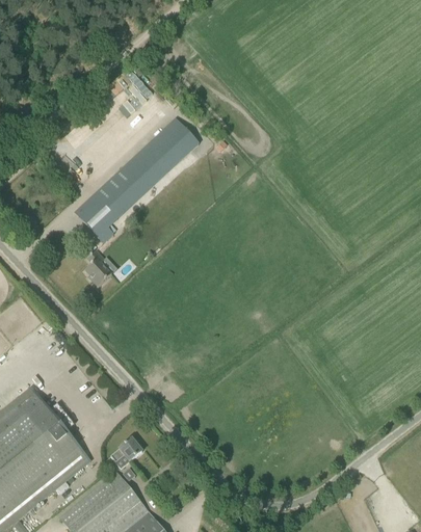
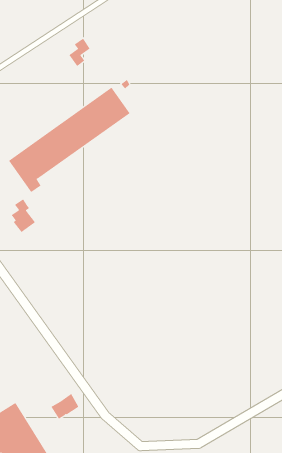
building: [110,438,141,469] -> [50,393,79,420]

